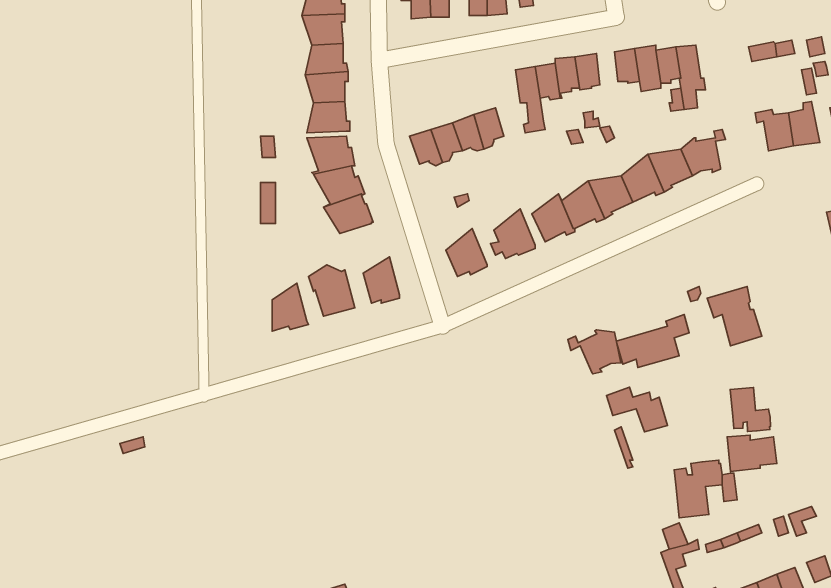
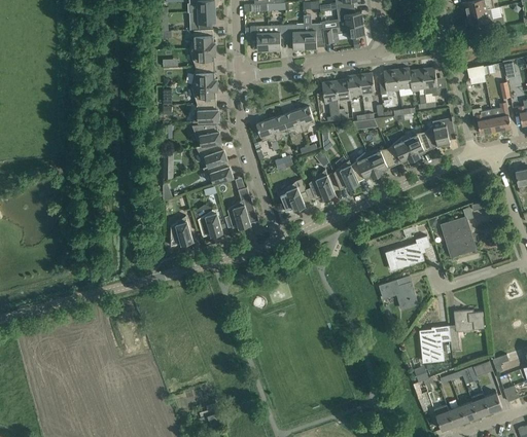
building: [568,330,621,374] -> none
building: [730,387,771,431] -> none

